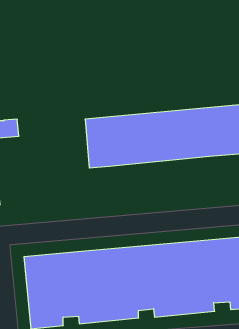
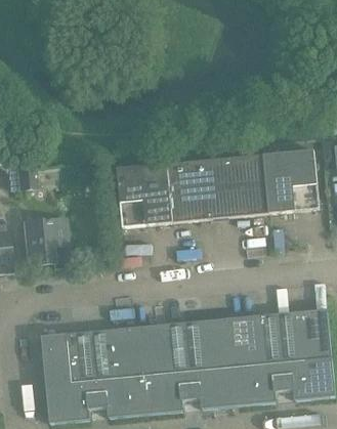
building: none -> [23,218,68,264]

